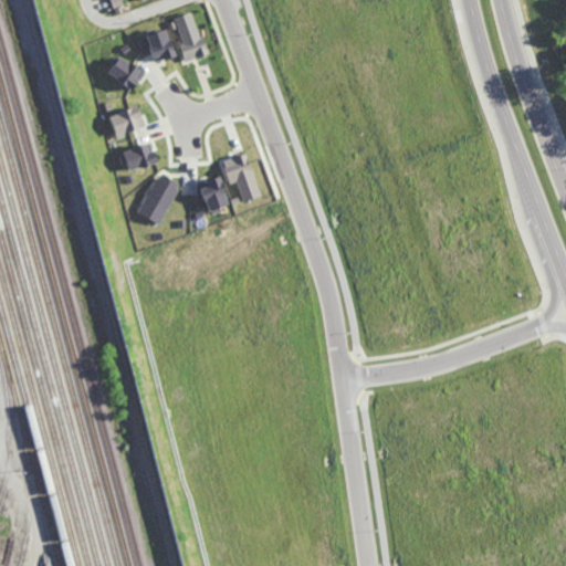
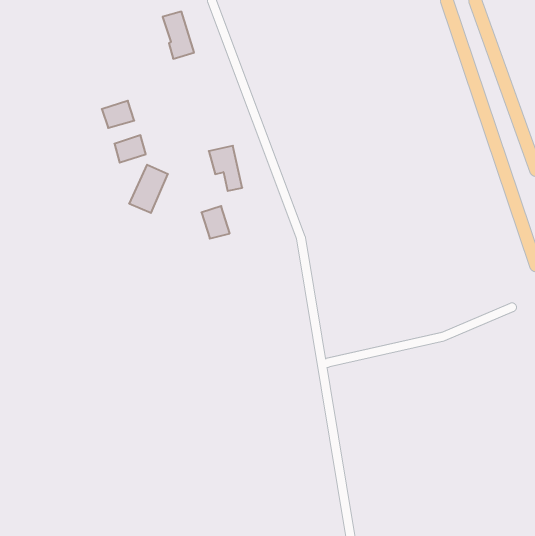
building: [144,29,174,64] -> none
building: [106,56,143,90] -> none
building: [197,177,227,211] -> [201,206,230,239]

